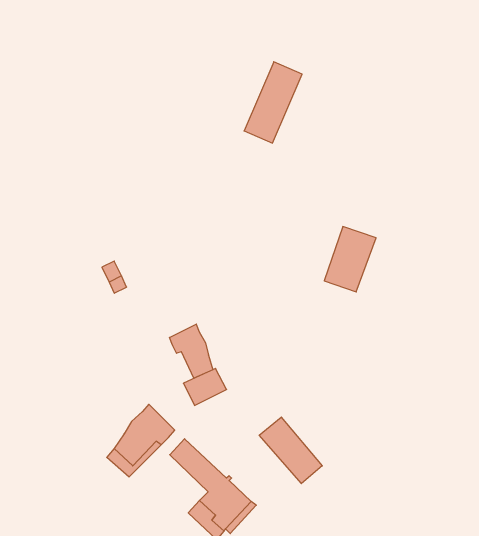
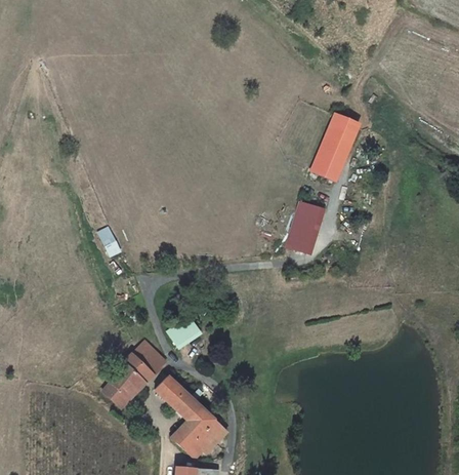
building: [244,62,302,143] -> [311,113,360,181]
building: [170,324,213,378] -> none
building: [259,417,322,484] -> none

